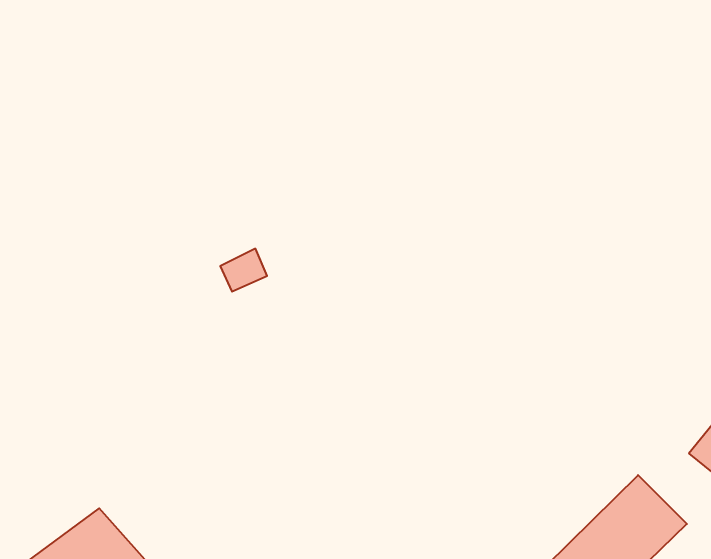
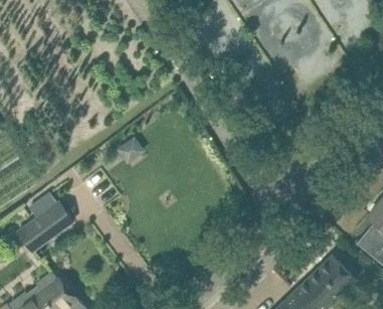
building: none -> [18,201,73,252]

